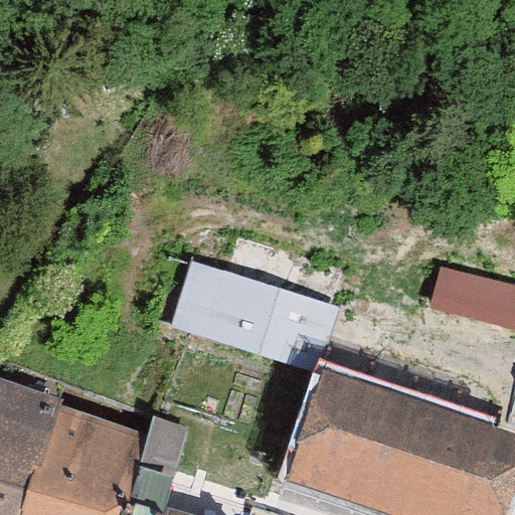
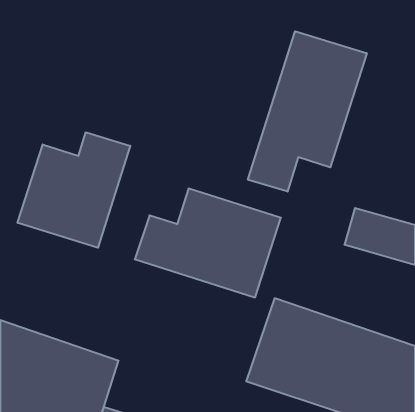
building: none -> [248,31,367,192]
building: none -> [18,132,130,248]

